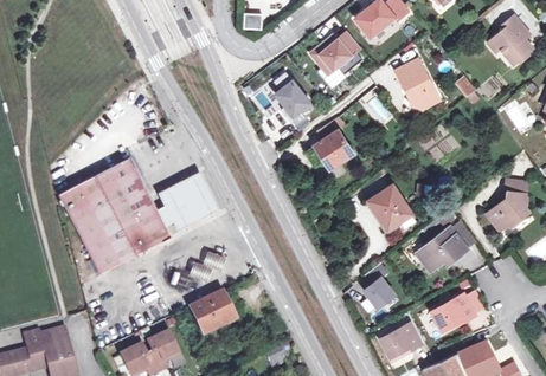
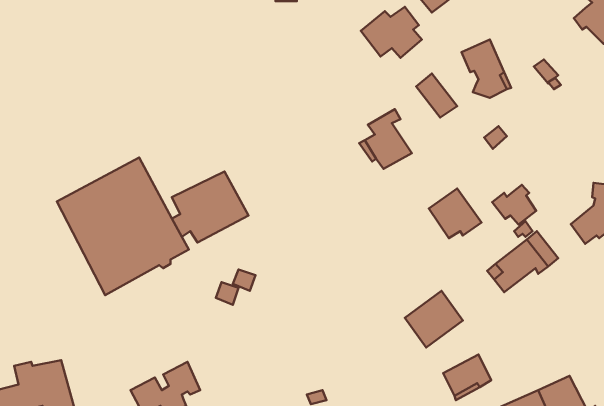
building: [274,72,313,128] -> none
building: none -> [492,185,536,225]
building: [188,290,233,333] -> none
building: [430,294,475,331] -> none

